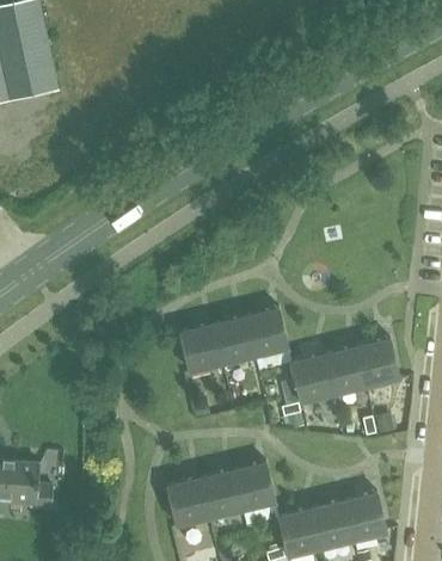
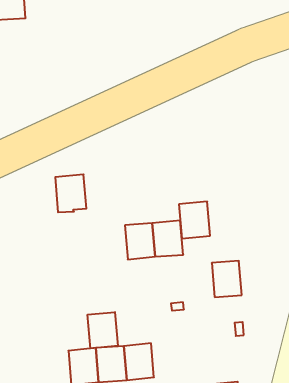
building: [180,323,223,374] -> [55,174,86,212]
building: [357,338,400,387] -> none
building: [291,353,334,402] -> [179,202,210,238]
building: none -> [88,312,118,348]

